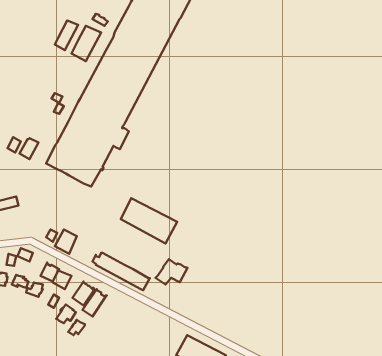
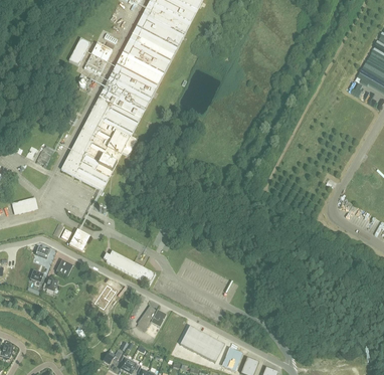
building: [121,198,177,244] -> none
building: [156,259,188,284] -> [138,306,167,329]

